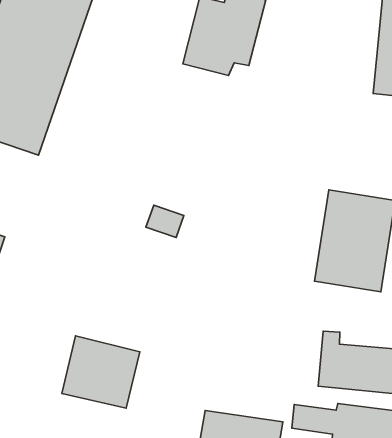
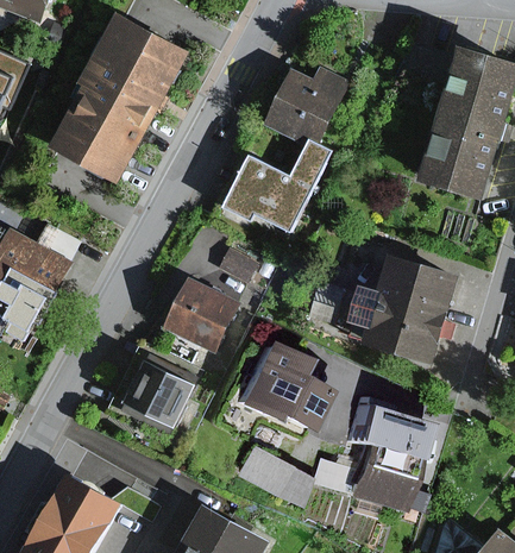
building: none -> [227,138,335,232]
building: none -> [149,283,225,358]
building: none -> [239,341,331,435]

